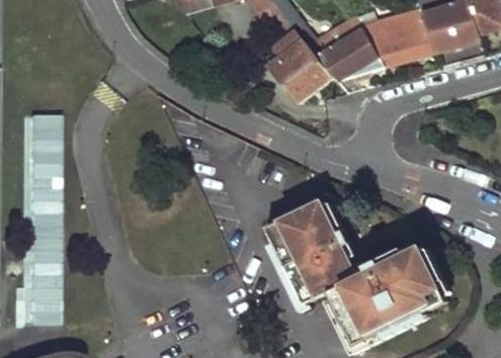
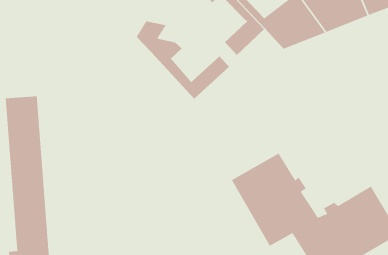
building: none -> [136,20,230,100]
building: [284,59,332,102] -> none

